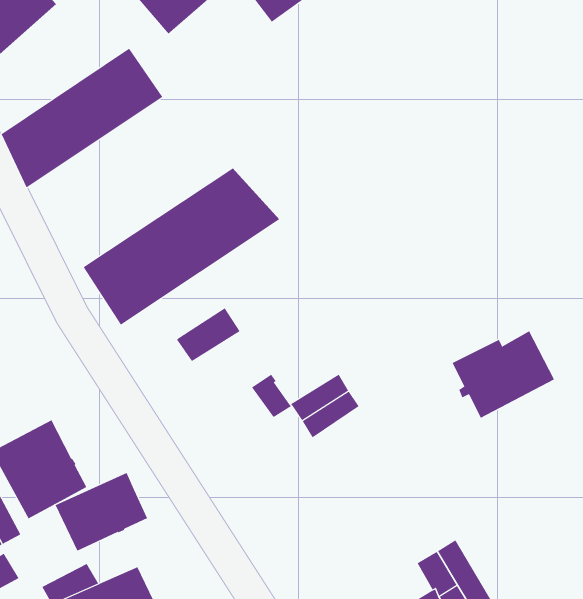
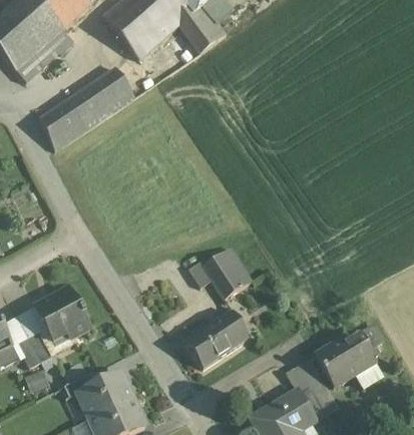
building: [83,167,280,326] -> none
building: [176,308,240,362] -> [201,247,240,279]
building: [452,331,555,418] -> [316,335,377,387]
building: none -> [185,312,250,368]
building: [55,472,148,552] -> none

